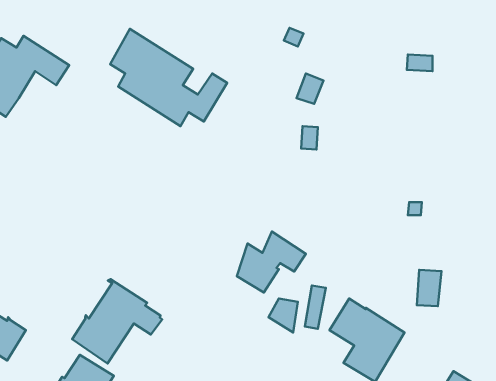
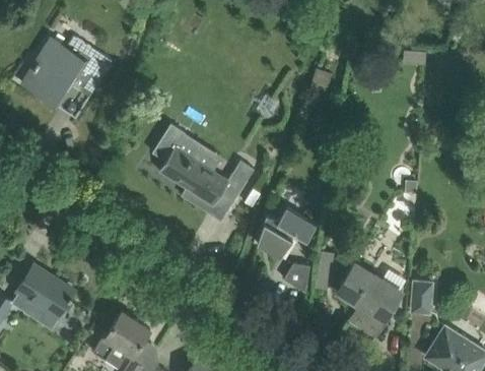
building: [110,29,227,126] -> [152,123,254,207]
building: [417,270,441,306] -> [411,283,432,314]
building: [72,279,162,363] -> none

